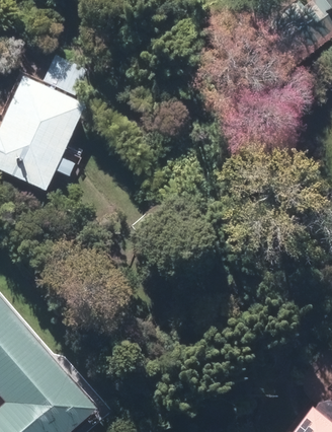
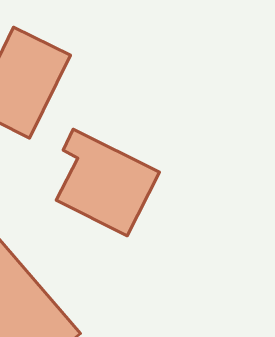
building: none -> [56,129,159,236]

